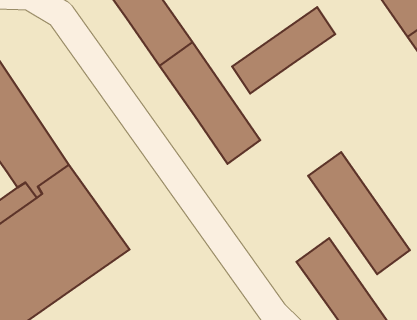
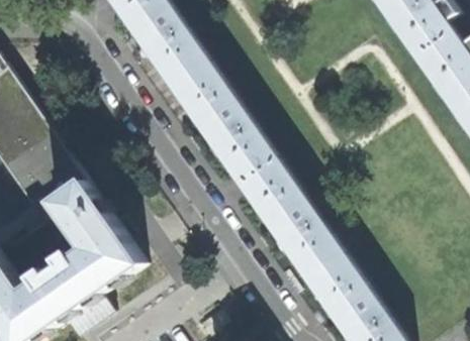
building: [232,7,335,94] -> none
building: [308,152,410,274] -> [240,157,340,276]

